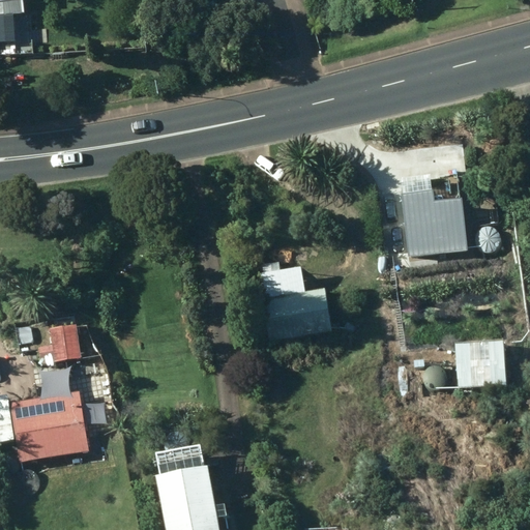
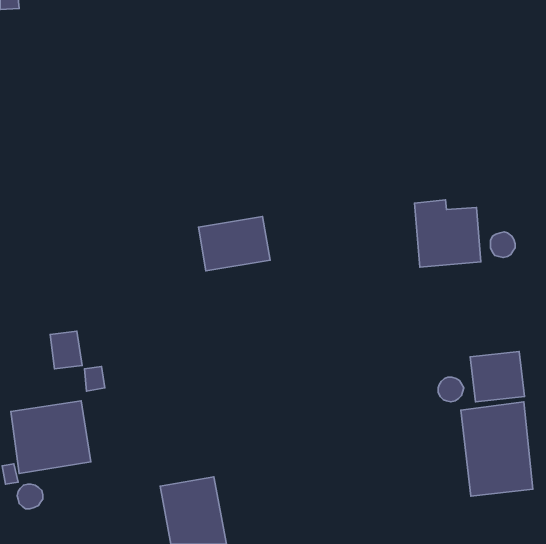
building: [262,285,331,337] -> [198,216,270,271]
building: none -> [461,402,533,496]

